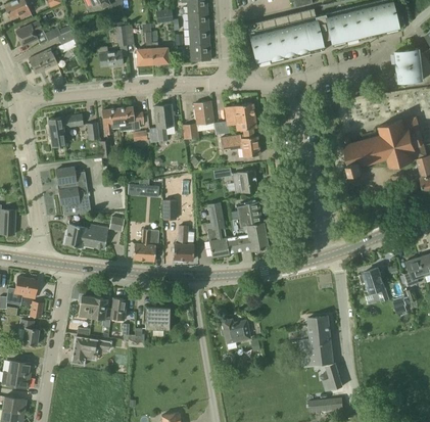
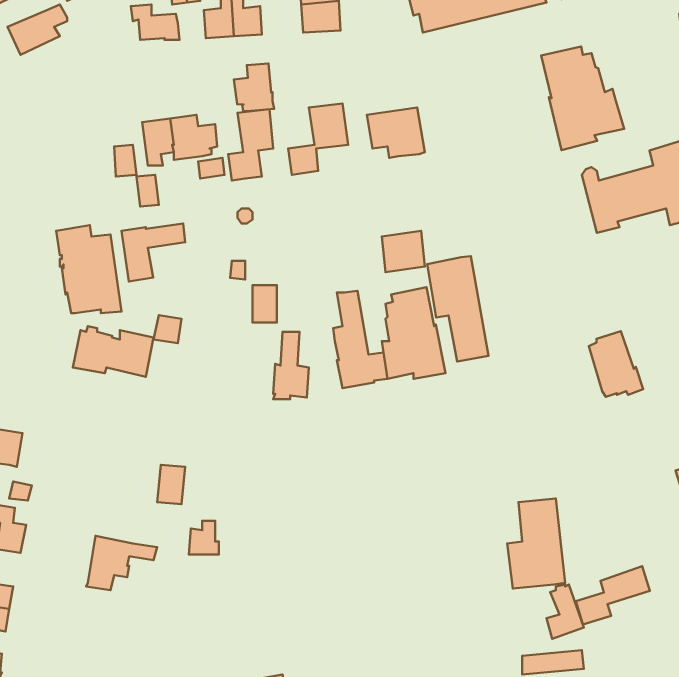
building: none -> [541,46,624,150]
building: none -> [234,64,274,111]
building: [48,114,83,146] -> [121,223,185,281]
building: [228,128,260,157] -> none
building: none -> [427,256,488,362]
building: [133,229,158,261] -> none
building: [360,268,389,303] -> [589,331,643,397]
building: [79,295,111,319] -> none
building: [145,307,170,329] -> none
building: [221,319,249,348] -> none
building: none -> [576,566,650,625]

